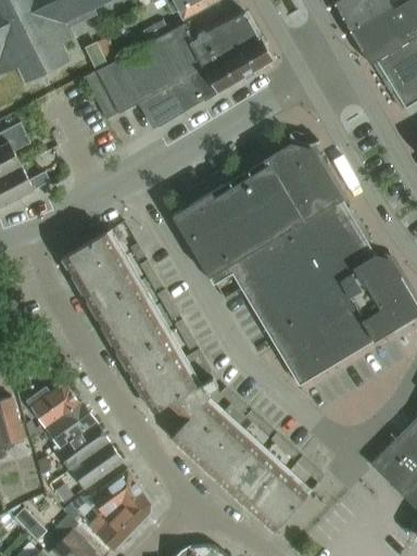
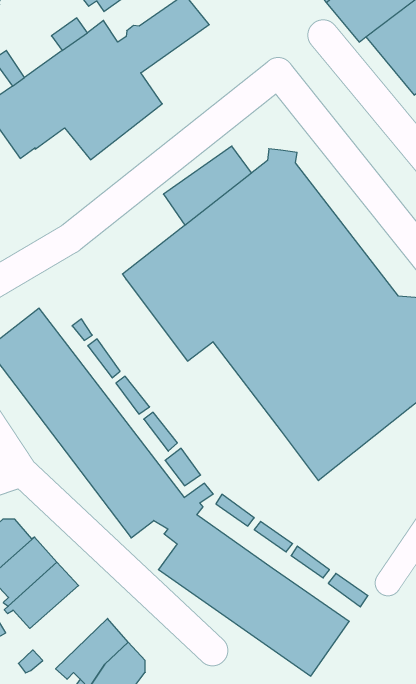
building: [205,38,273,92] -> [163,146,251,225]
building: [71,442,124,489] -> none

